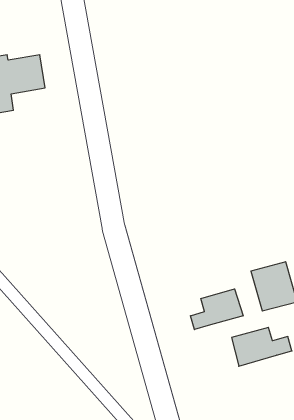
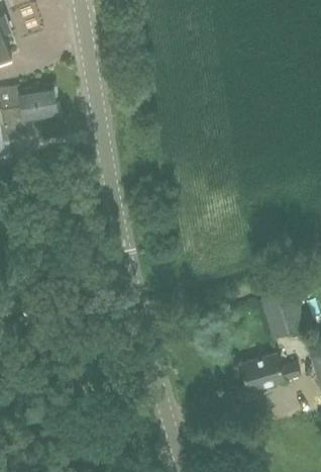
building: [190,289,243,330] -> none

